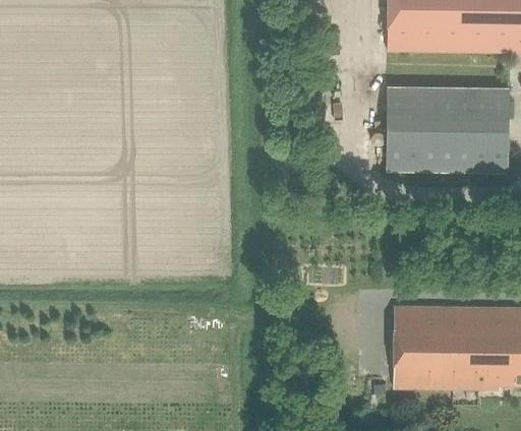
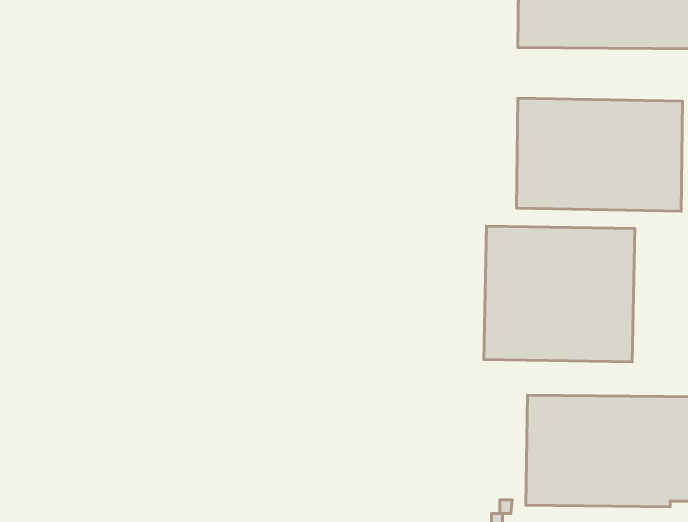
building: none -> [484,226,635,362]

